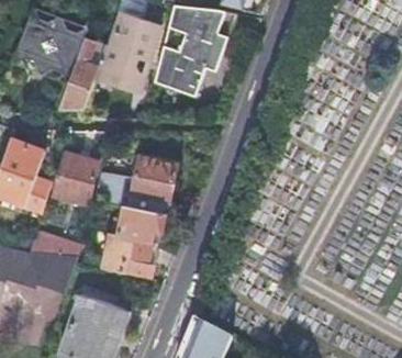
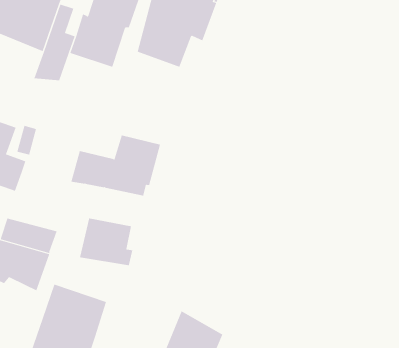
building: [54,154,98,205] -> none
building: [111,205,165,240] -> none

